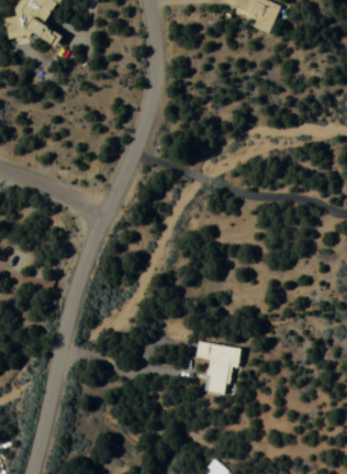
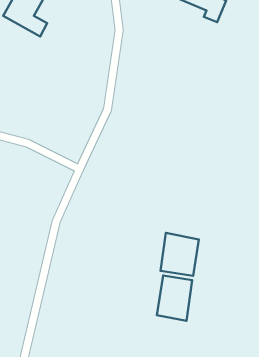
building: none -> [160,233,199,276]

